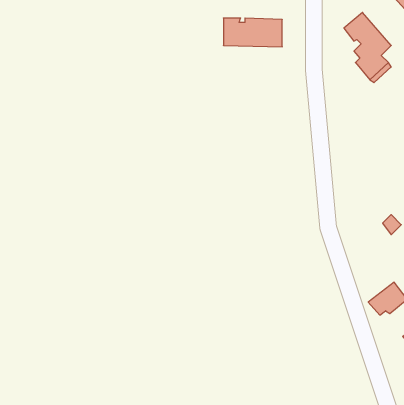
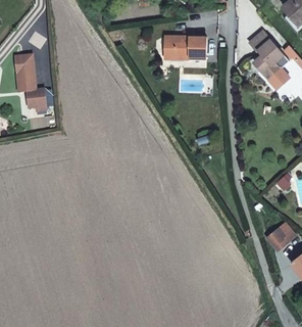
building: none -> [16,56,48,112]

